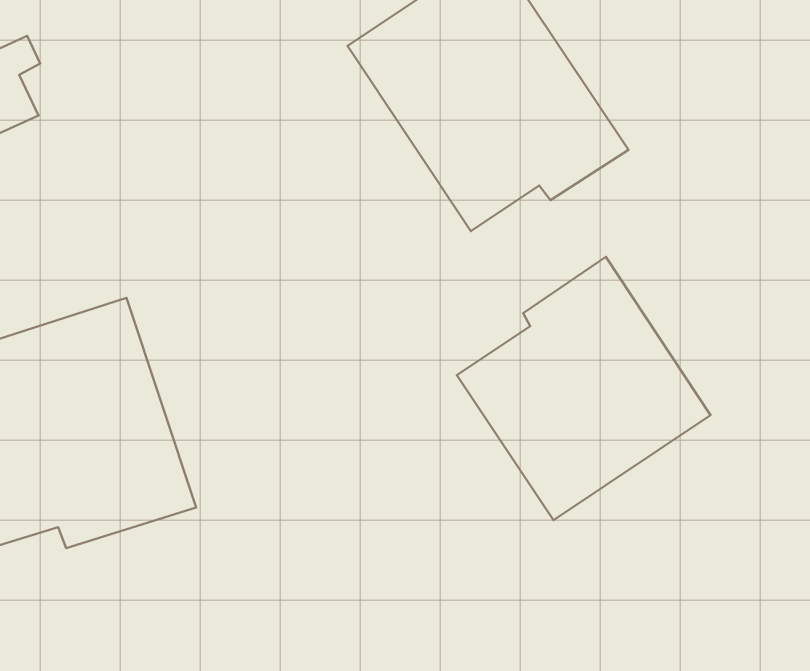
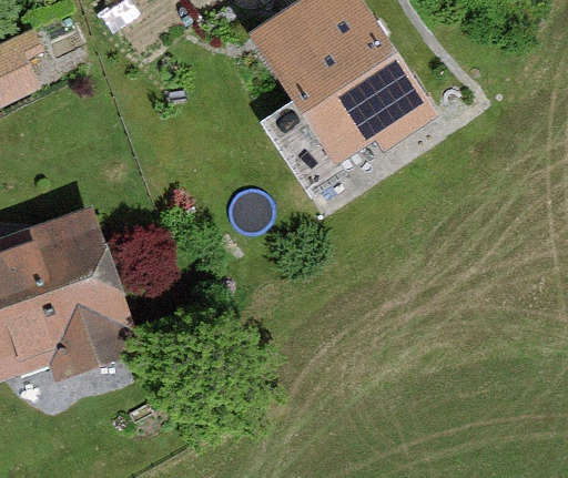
building: [457,257,711,520] -> none

